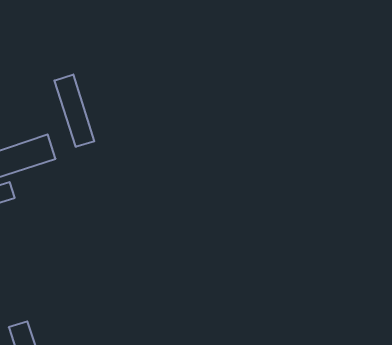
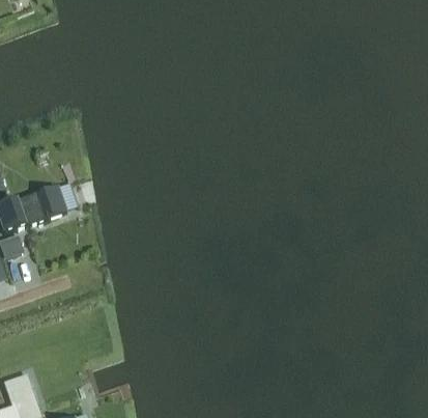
building: [54,74,94,147] -> none

